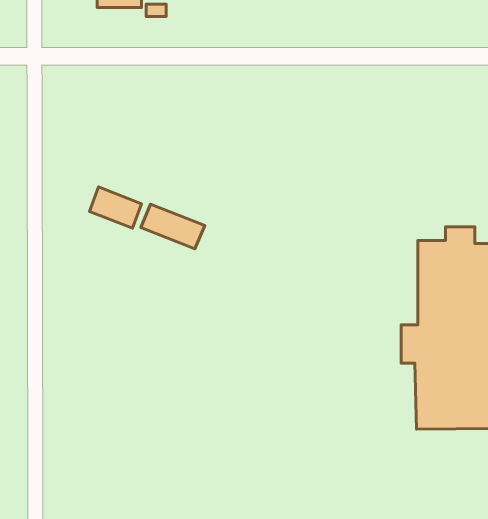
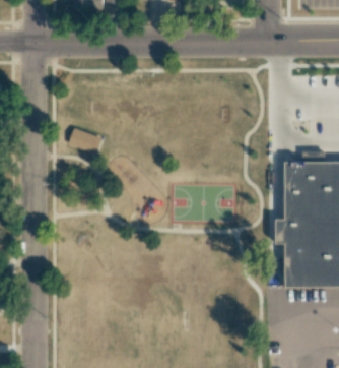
building: [141,204,205,249] -> none

